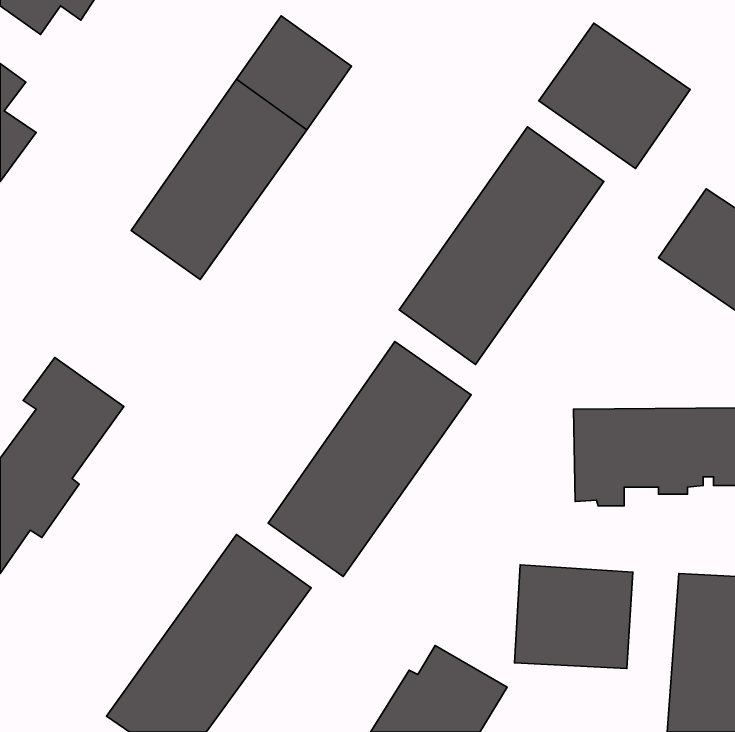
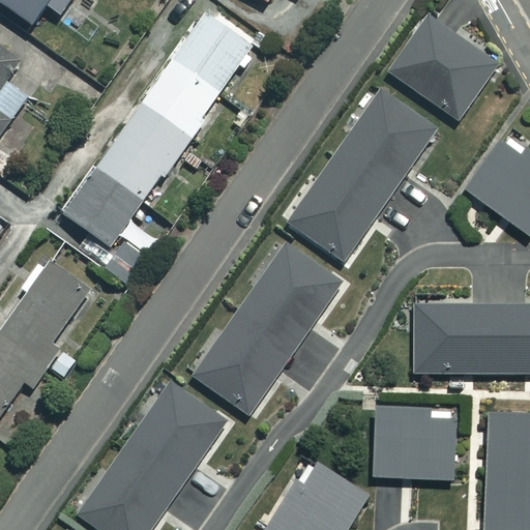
building: none -> [61,166,157,285]

